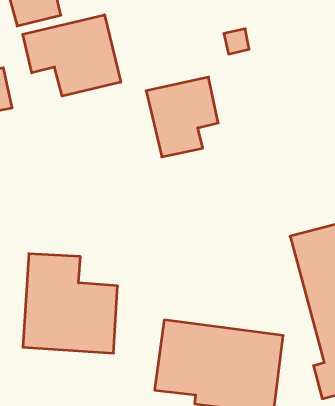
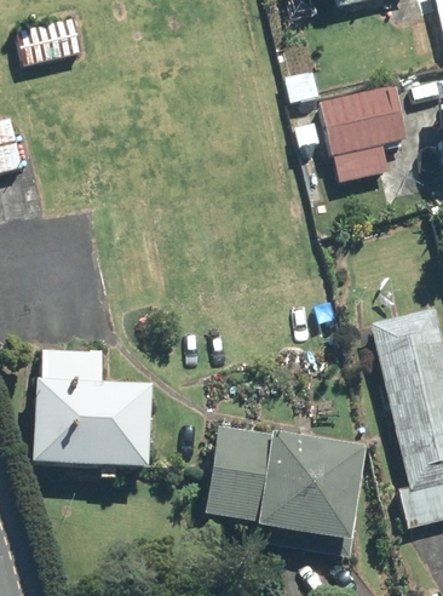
building: [23,15,121,96] -> none
building: [146,77,218,157] -> [318,80,408,179]

